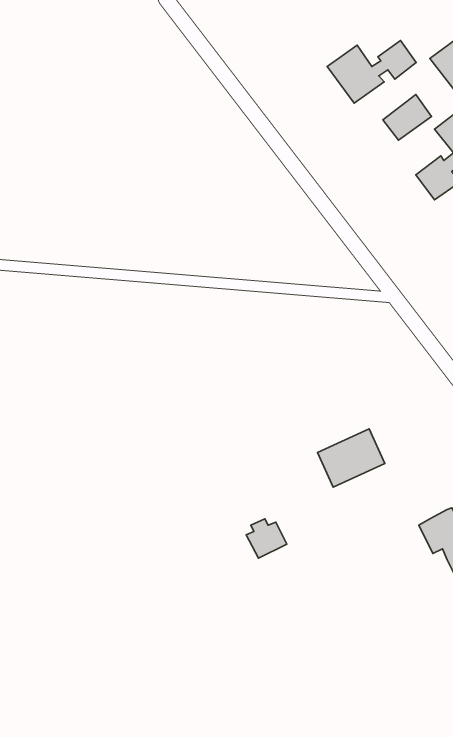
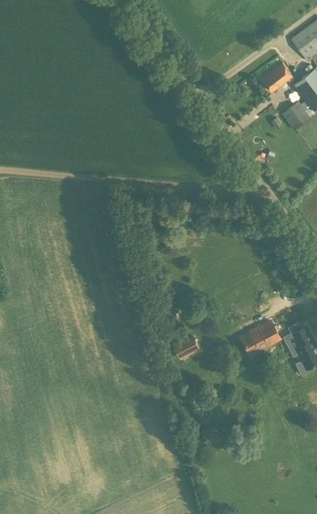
building: [327,41,416,103] -> none
building: [317,429,385,487] -> [240,317,283,354]

